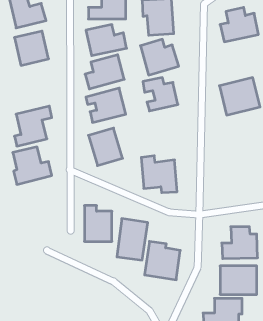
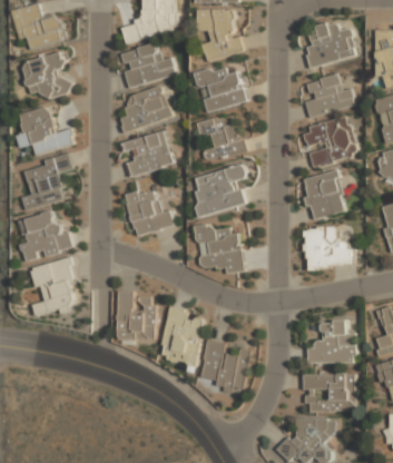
building: none -> [304,72,352,115]
building: none -> [14,107,73,154]
building: none -> [190,164,247,216]
building: none -> [301,170,345,219]
building: none -> [303,226,353,268]
building: none -> [33,258,76,317]

